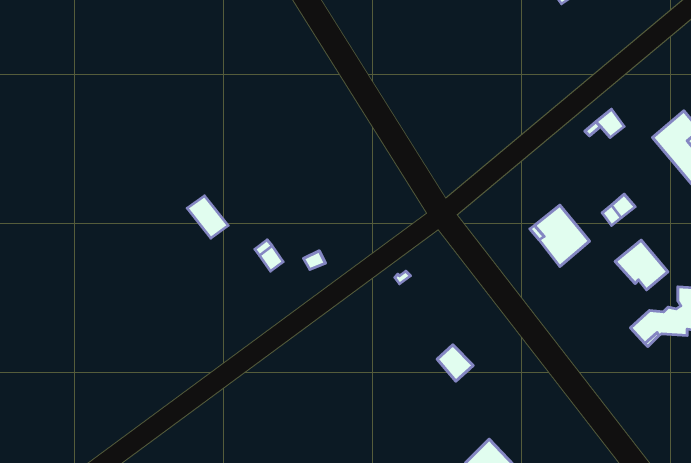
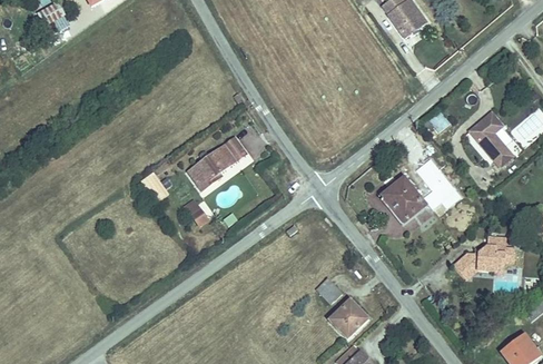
building: none -> [188,138,245,190]
building: [615,240,668,290] -> none
building: none -> [329,301,366,338]

